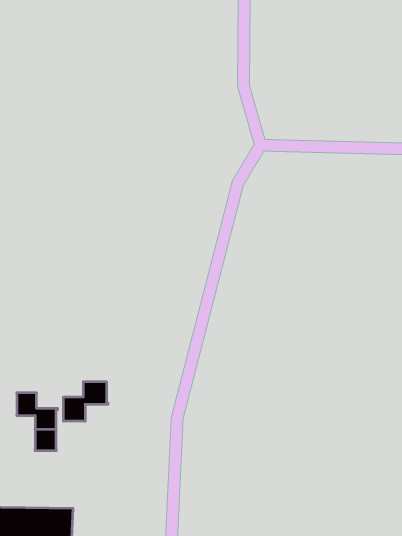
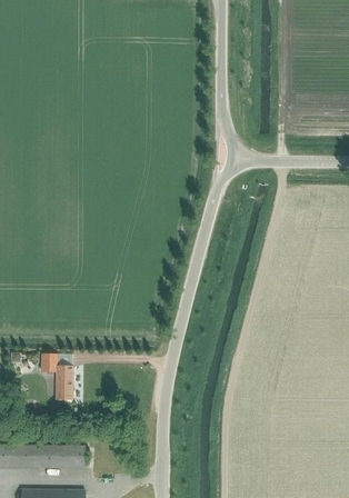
building: [64,382,108,421] -> none

